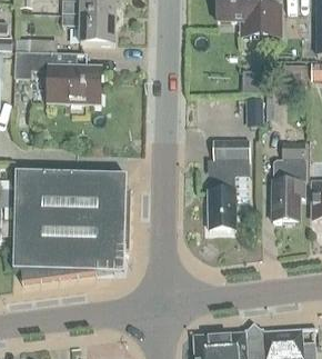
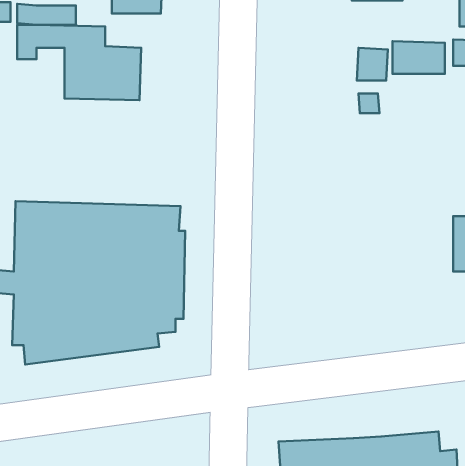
building: [208,138,250,228] -> none
building: [272,141,303,220] -> none

